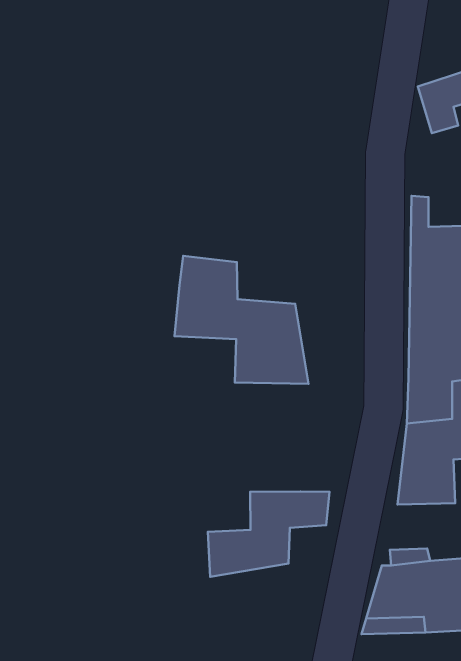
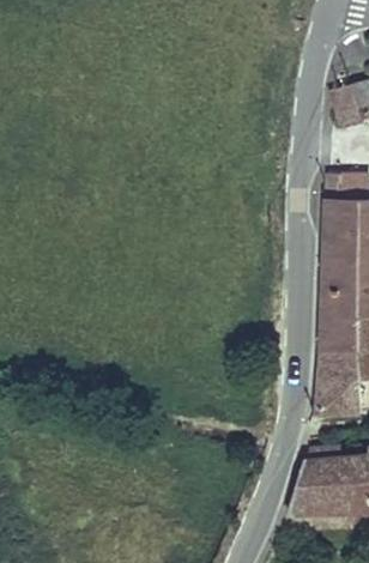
building: [174,256,308,384] -> none
building: [208,492,329,577] -> none

